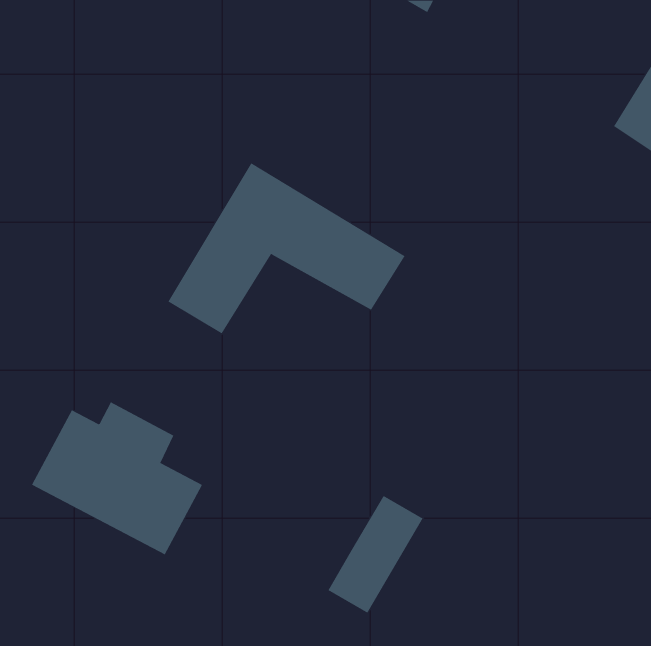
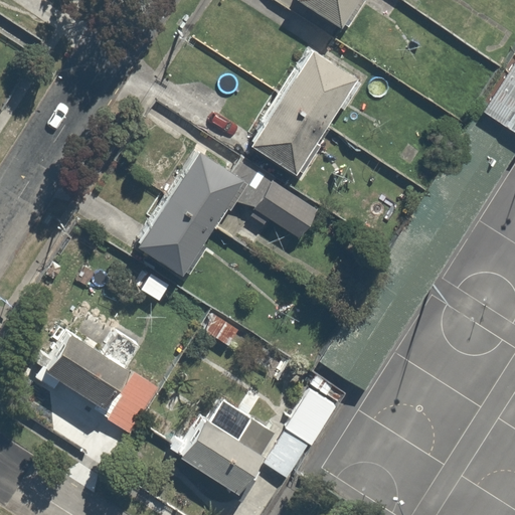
building: none -> [251,45,356,166]
building: none -> [175,416,282,505]

